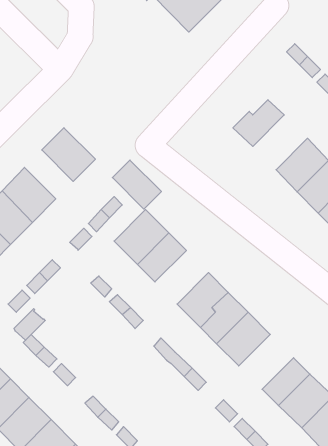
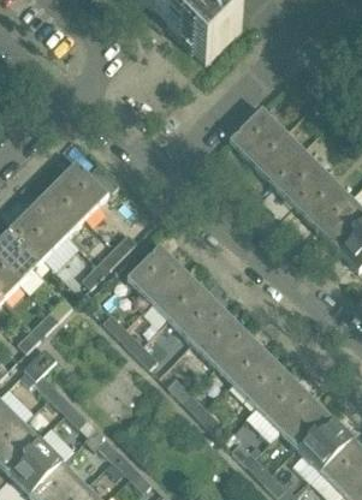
building: none -> [227,107,285,161]
building: none -> [269,148,326,204]
building: [112,160,161,209] -> [34,184,84,234]
building: none -> [168,287,224,343]
building: none -> [255,374,311,430]

